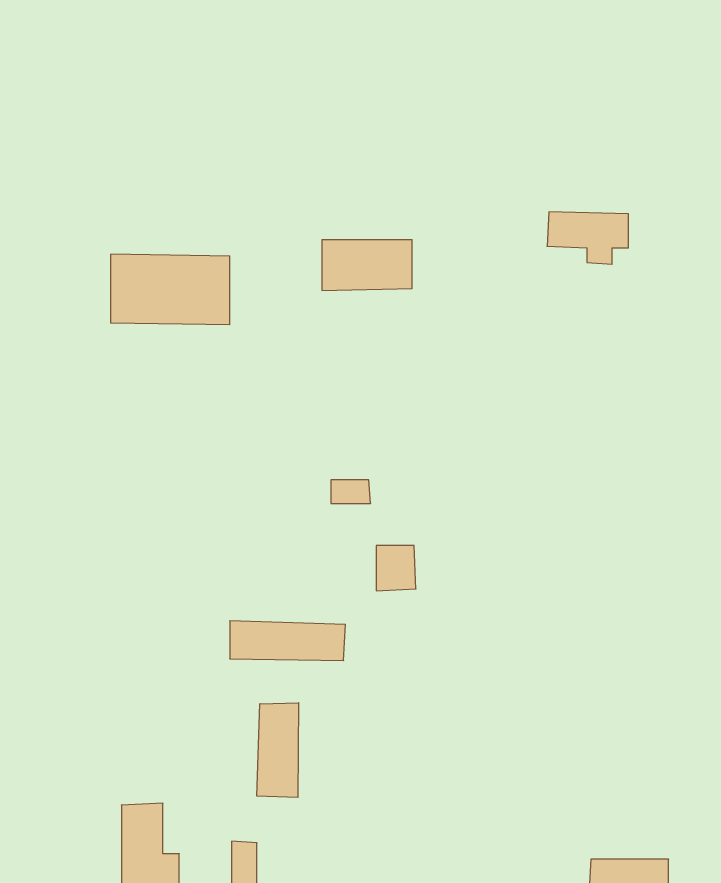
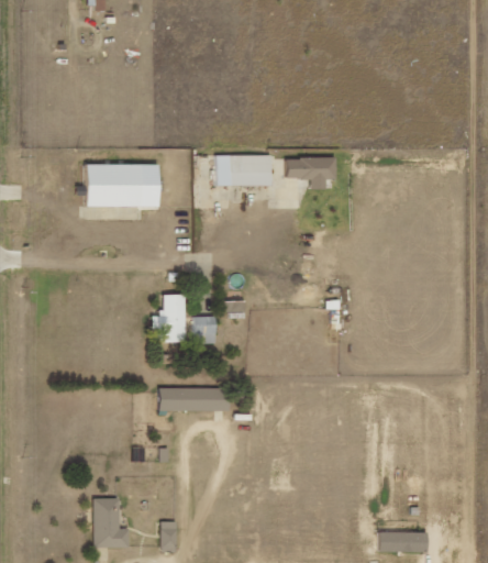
building: [547,212,628,264] -> [286,157,335,189]
building: none -> [152,295,185,342]
building: [376,546,416,591] -> [192,317,217,344]
building: [257,703,299,797] -> none

